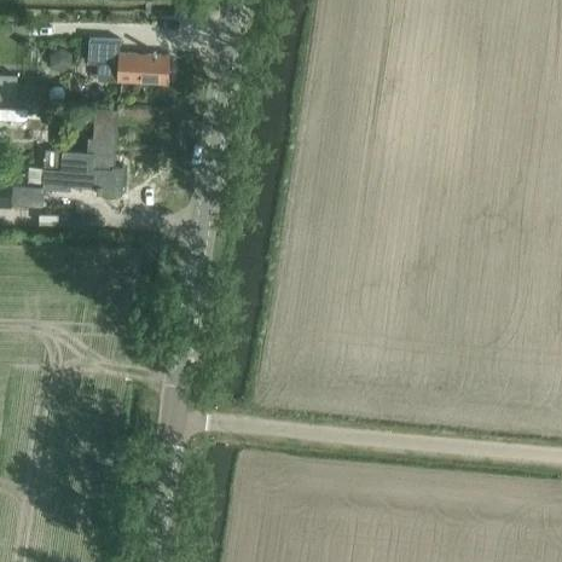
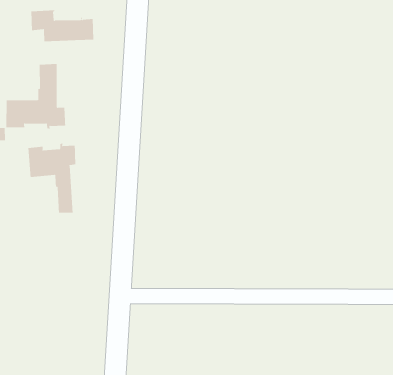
building: none -> [28,142,76,214]

